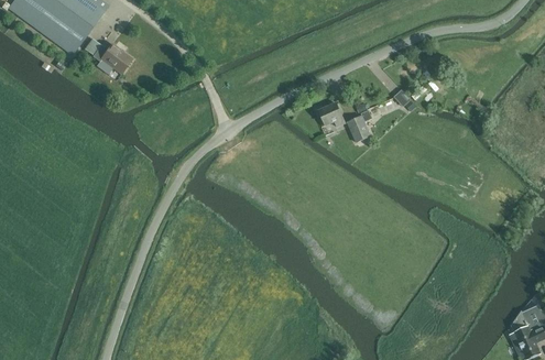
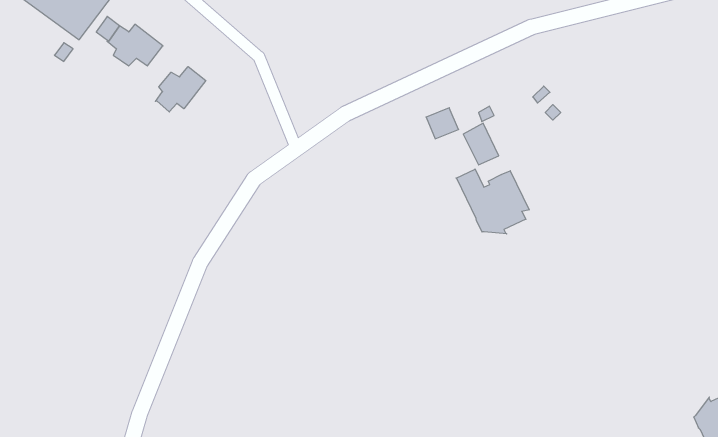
building: none -> [155,67,206,112]
building: none -> [456,169,529,234]

